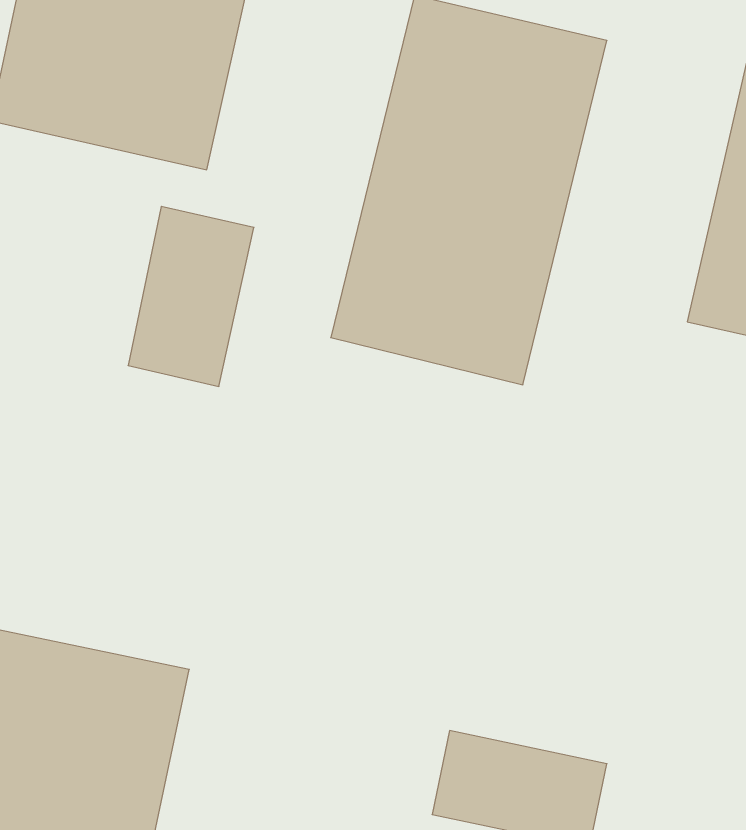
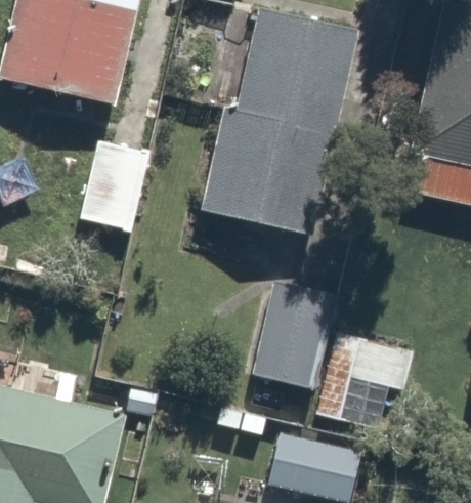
building: none -> [250,273,335,389]
building: none -> [319,330,409,429]

